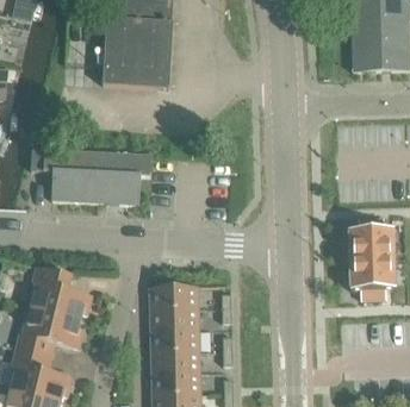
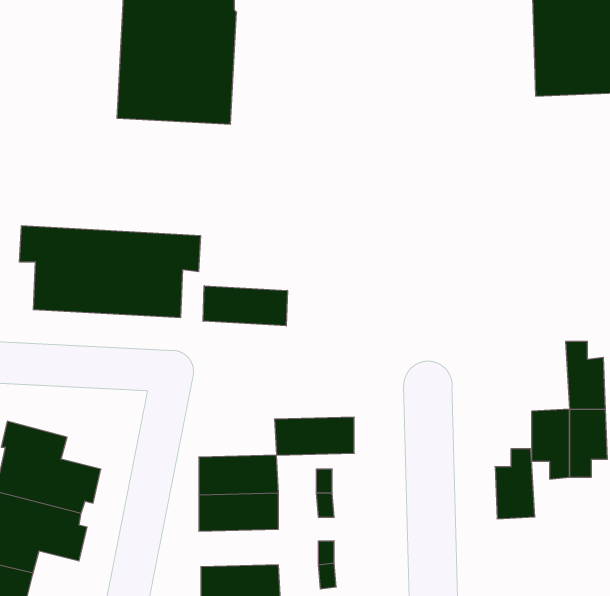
building: none -> [203,286,287,326]
building: [349,218,373,259] -> [495,449,535,519]
building: [151,330,199,352] -> [274,417,354,455]

